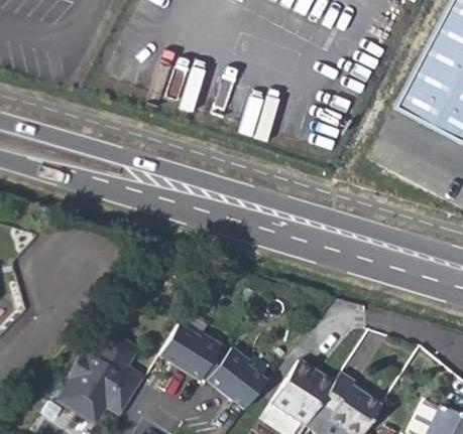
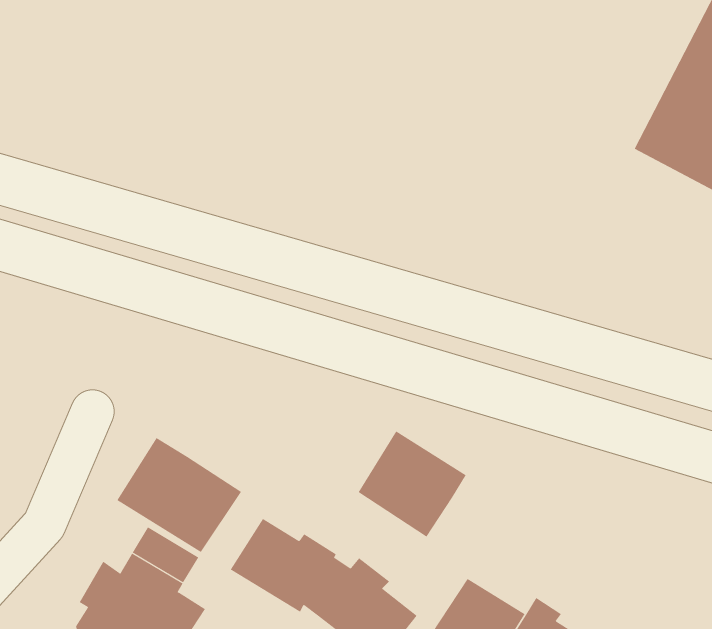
building: none -> [358,430,467,537]
building: none -> [116,437,242,553]

